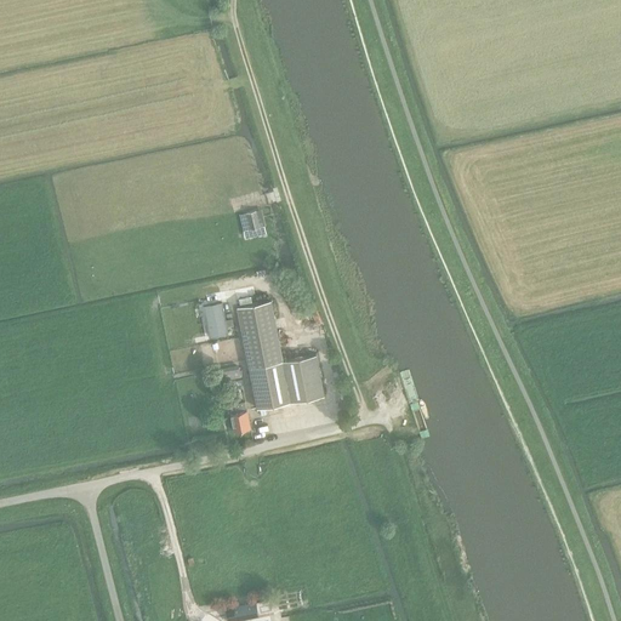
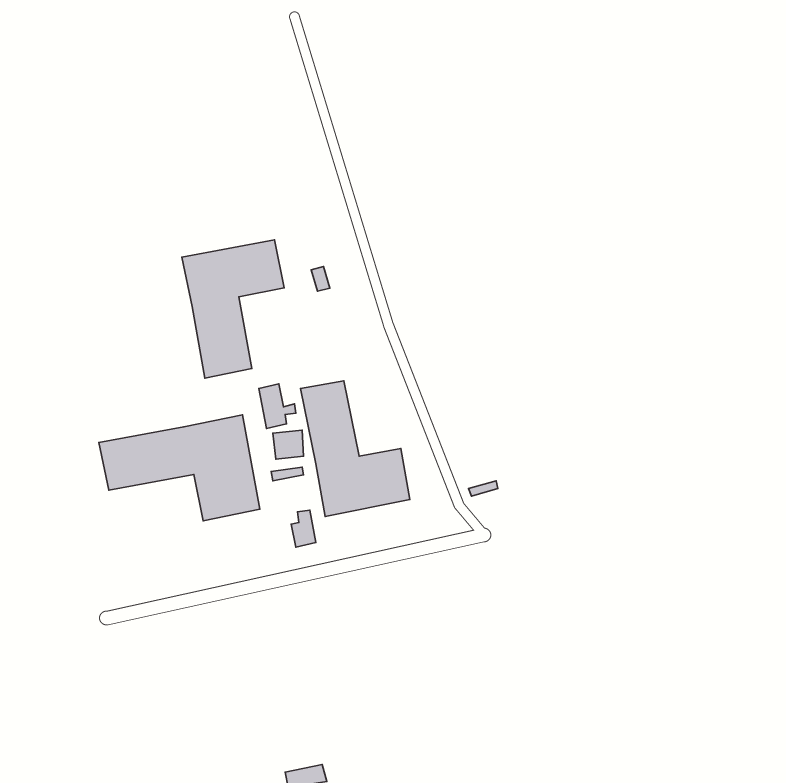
building: none -> [182,240,284,378]
building: none -> [99,415,260,521]

